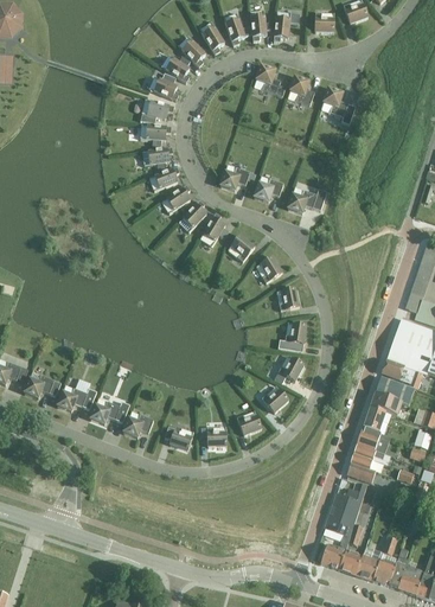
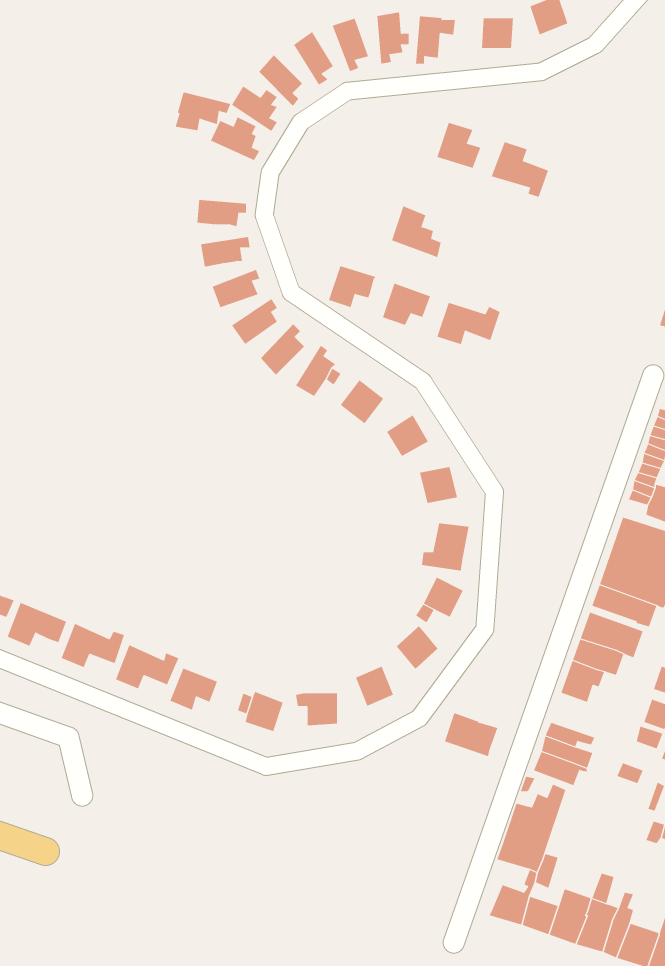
building: [254,65,284,97] -> [391,206,442,258]
building: [140,100,174,123] -> [175,92,231,131]
building: [357,427,390,454] -> [444,712,498,757]

